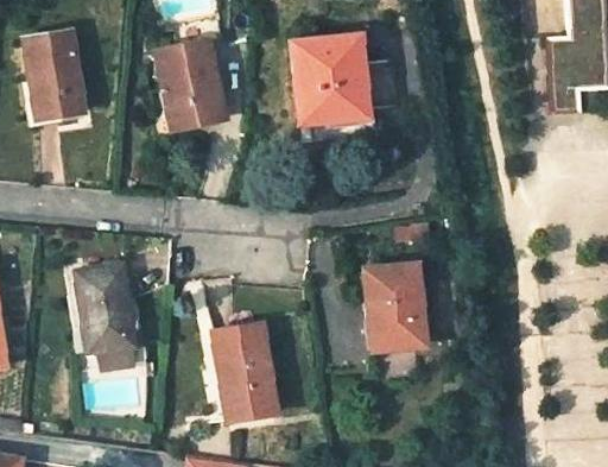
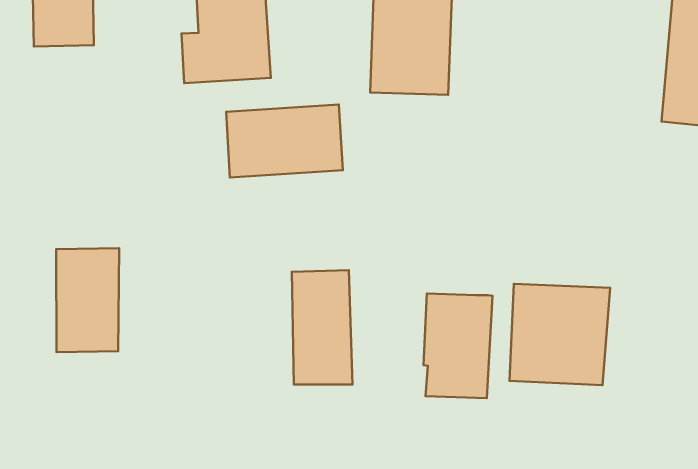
building: none -> [226,105,343,177]
building: none -> [509,284,610,385]
building: [217,324,276,418] -> [292,270,352,384]

